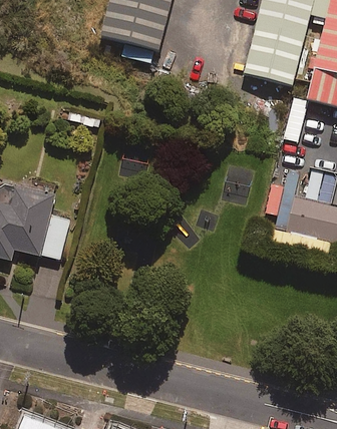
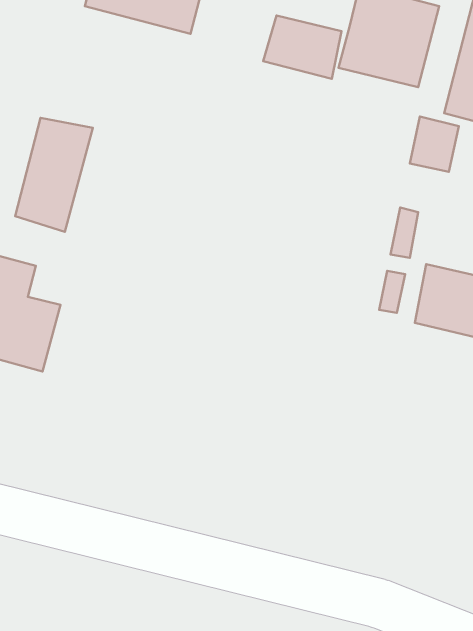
building: none -> [263,16,341,79]
building: none -> [15,118,93,232]

